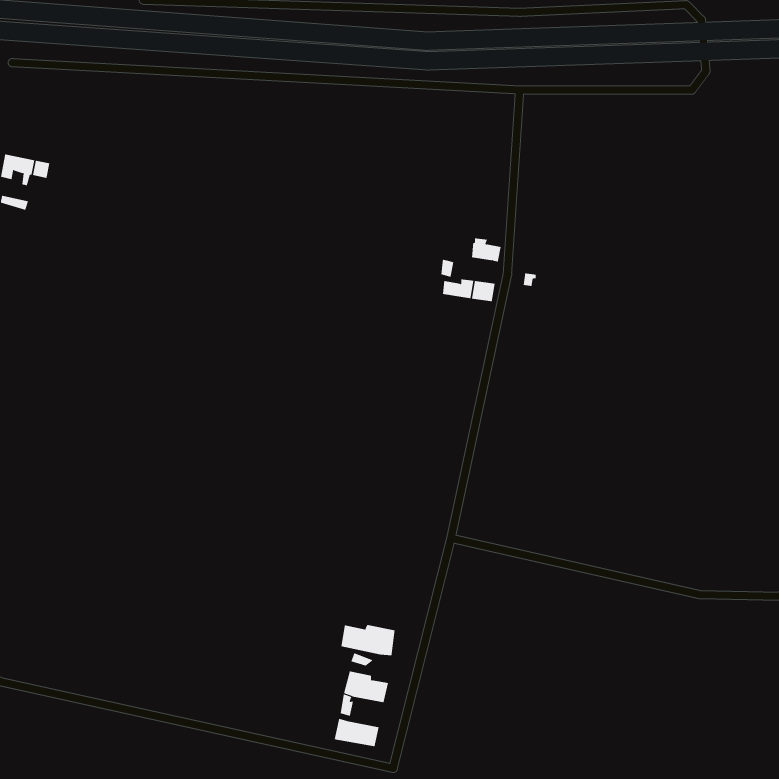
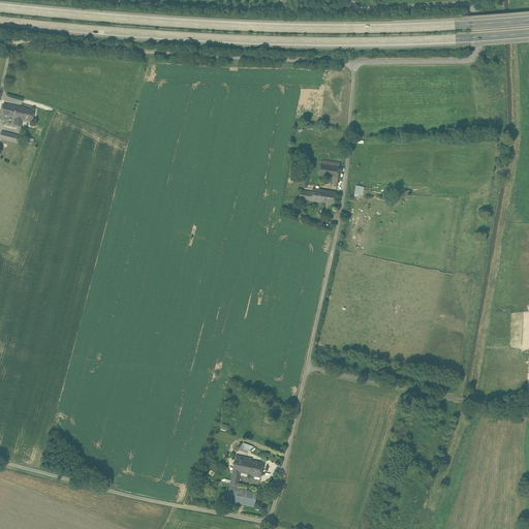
building: [341,624,395,656] -> none

